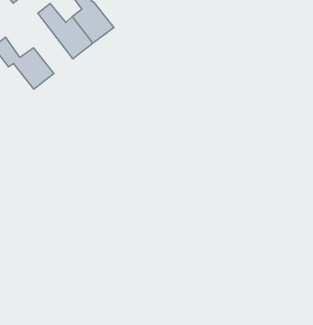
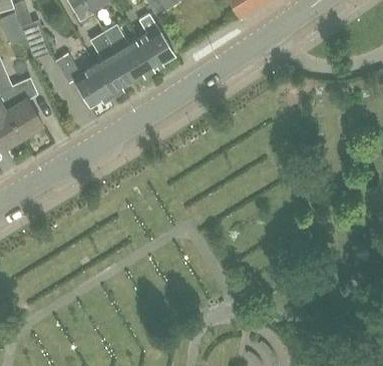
building: none -> [90,33,131,93]

